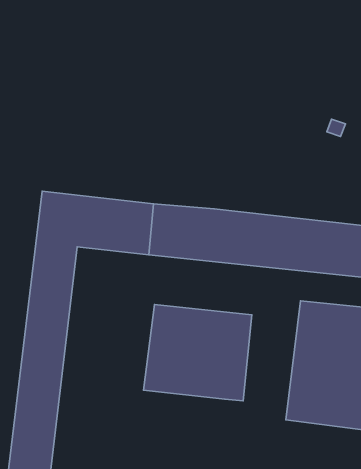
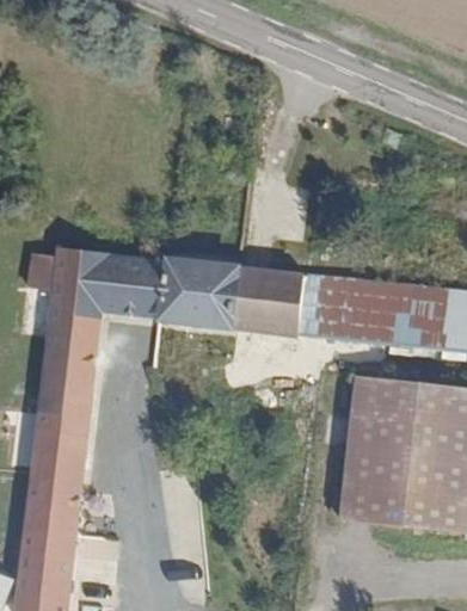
building: [144,305,252,401] -> none

